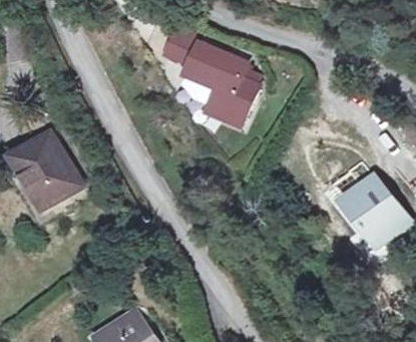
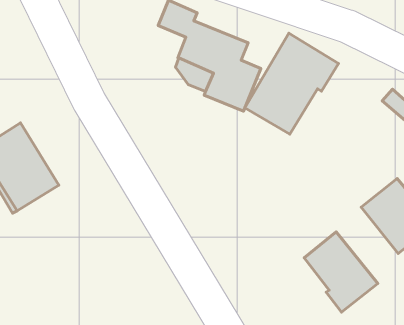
building: none -> [245,33,339,134]
building: none -> [304,232,378,312]

